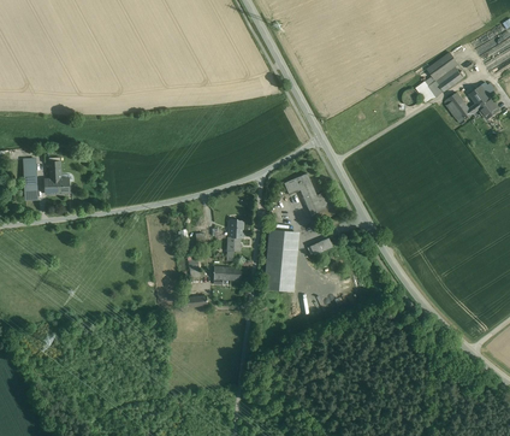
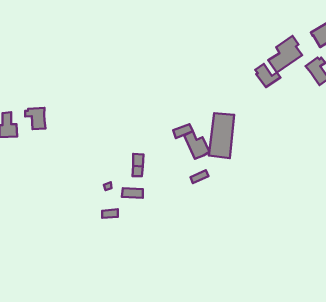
building: [446,92,481,124] -> [255,64,280,87]
building: none -> [25,108,45,129]
building: [265,226,300,289] -> [209,113,234,158]

